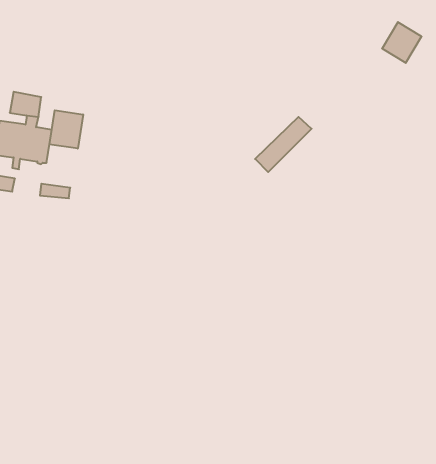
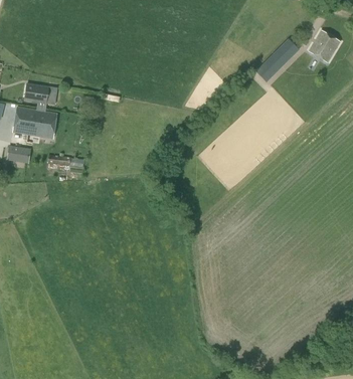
building: [50,110,83,149] -> none
building: [255,117,312,172] -> [255,38,299,80]

